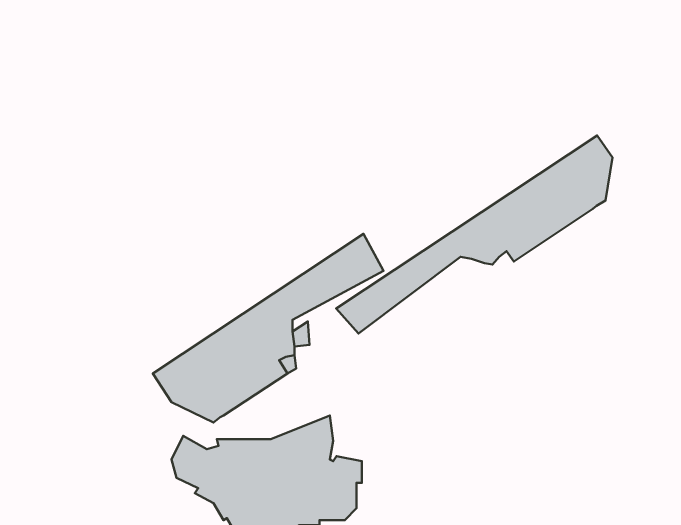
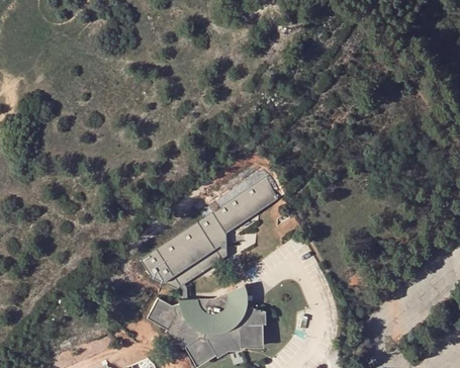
building: [336,135,613,334] -> none

